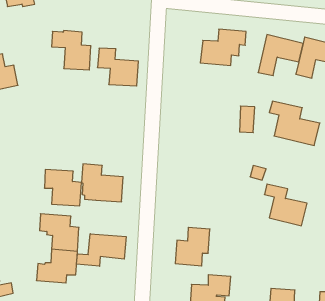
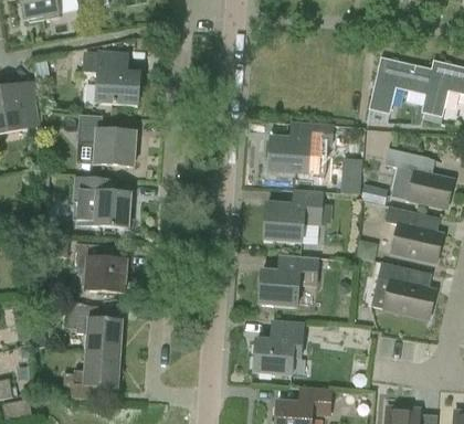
building: [200,29,246,65] -> [267,121,330,171]
building: [97,48,138,86] -> [77,114,134,166]
building: none -> [263,190,321,242]
building: none -> [384,205,442,263]
building: [81,164,123,202] -> [72,176,129,227]
building: none -> [259,255,317,306]
building: [76,234,126,266] -> none

